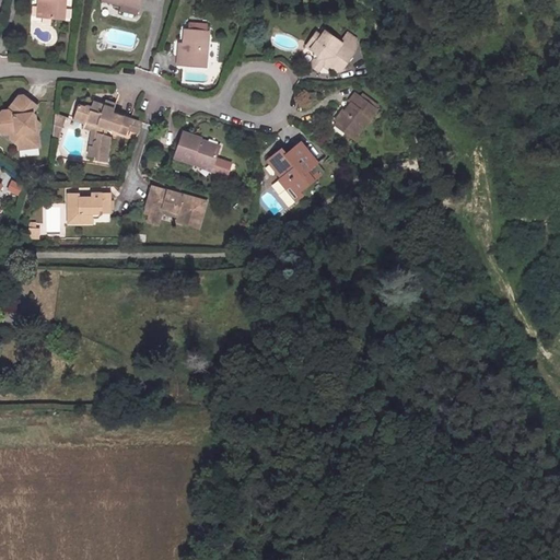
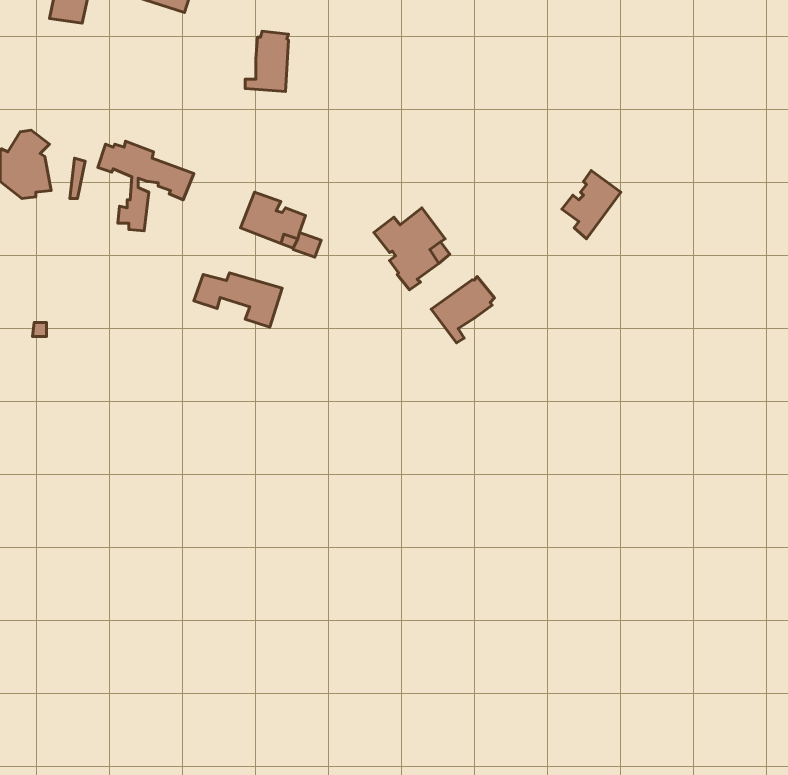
building: [313,22,360,63] -> none
building: [339,83,381,131] -> [562,171,621,239]
building: [67,194,107,225] -> none
building: none -> [431,276,495,343]

